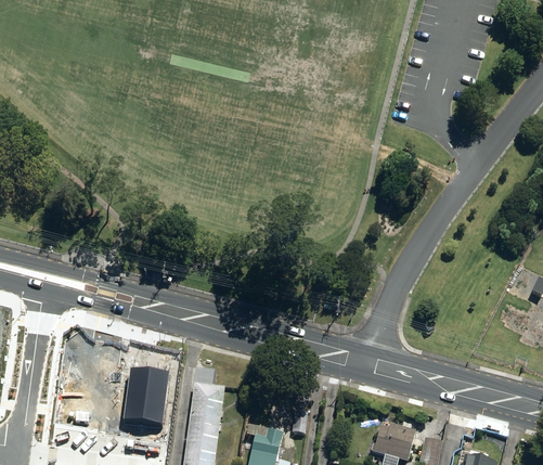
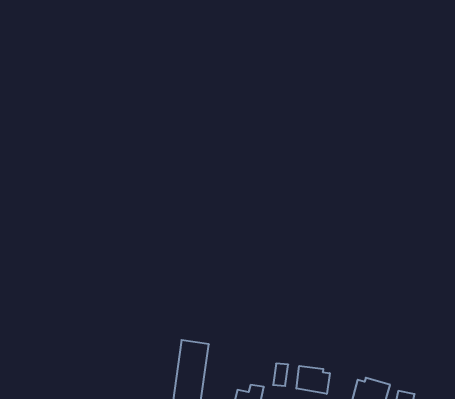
building: [127,367,171,424] -> none
building: none -> [296,366,330,394]

